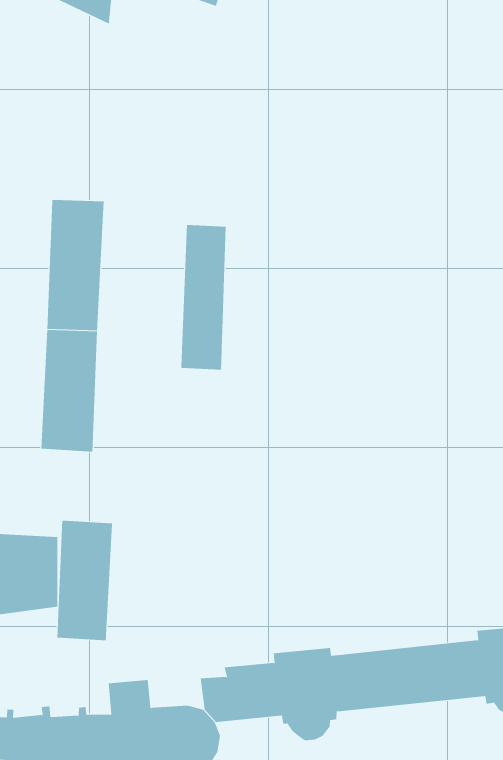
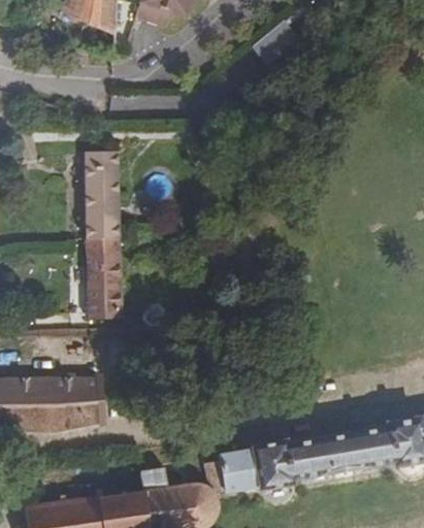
building: [181,224,226,370] -> none
building: [57,520,113,641] -> none

